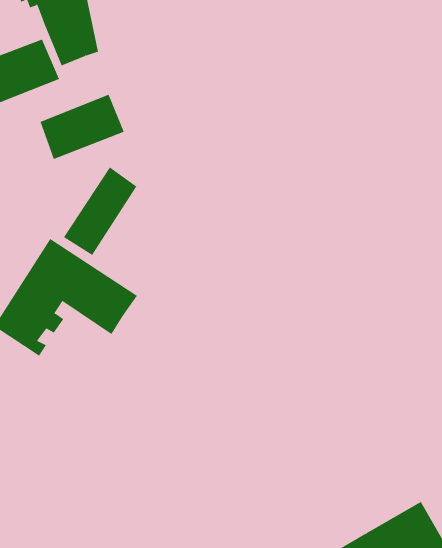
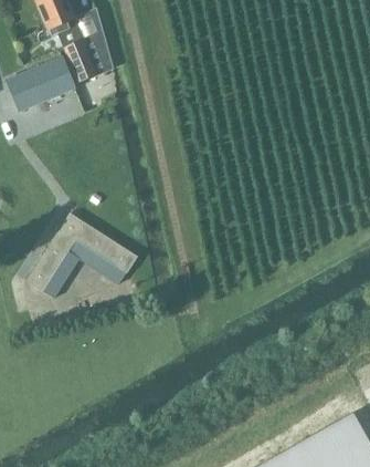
building: [40,94,125,160] -> none
building: [63,166,137,256] -> none

